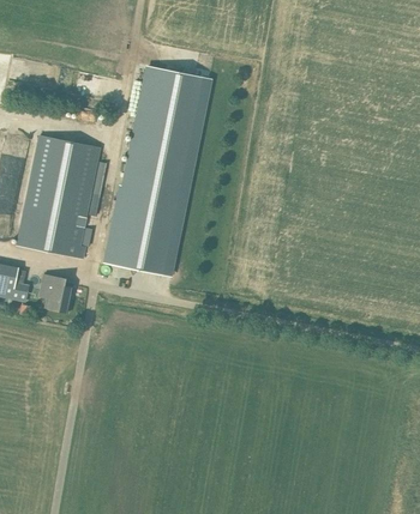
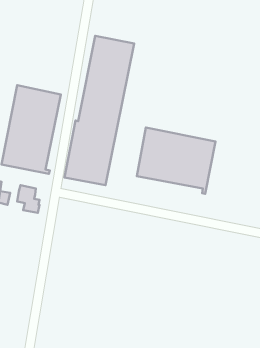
building: none -> [137,127,215,194]

